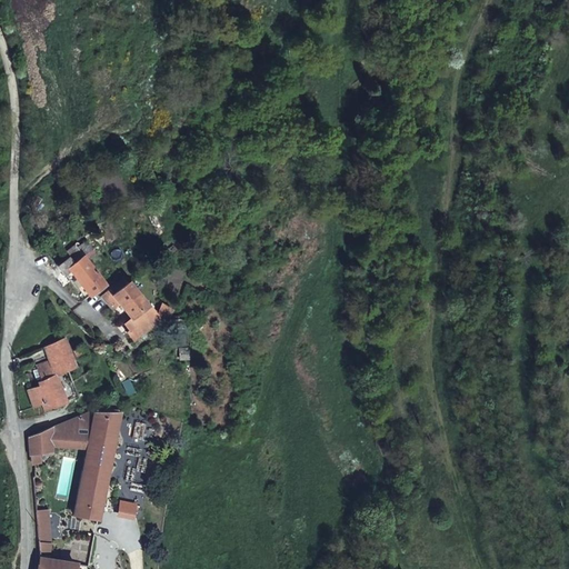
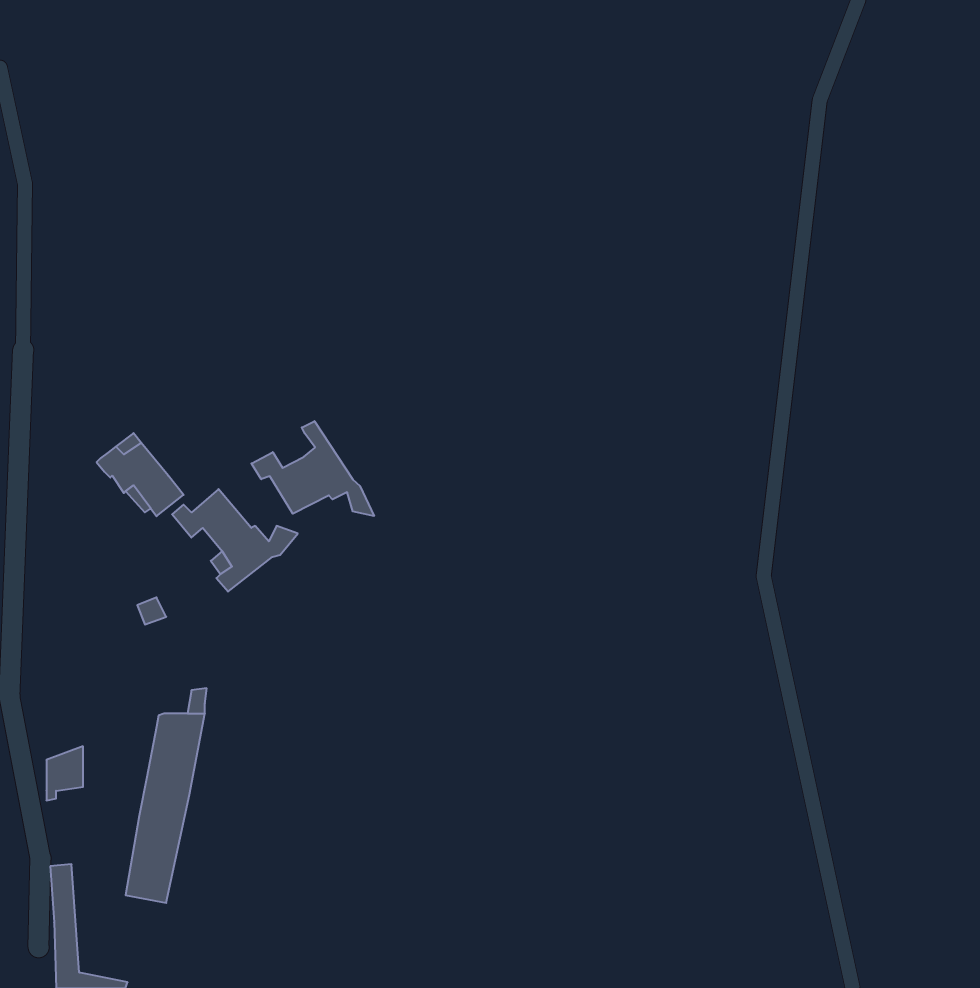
building: none -> [251,421,374,516]
building: [31,335,88,411] -> none
building: [52,411,96,447] -> none

